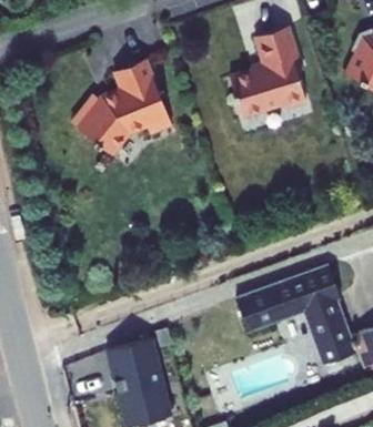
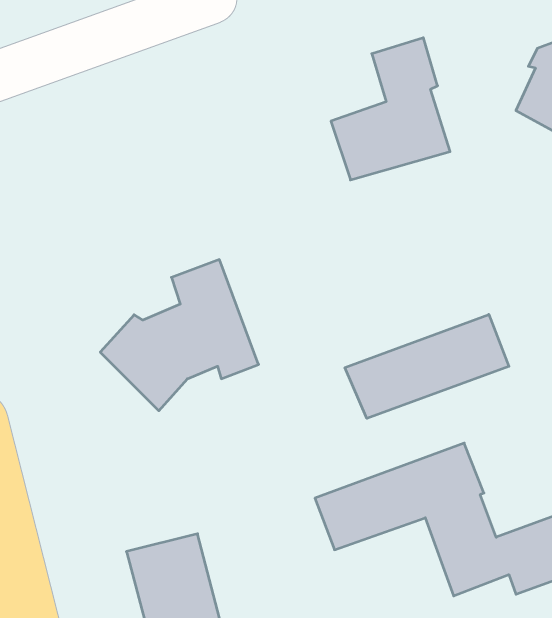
building: [70,60,169,154] -> [100,260,259,411]
building: none -> [345,314,509,418]

